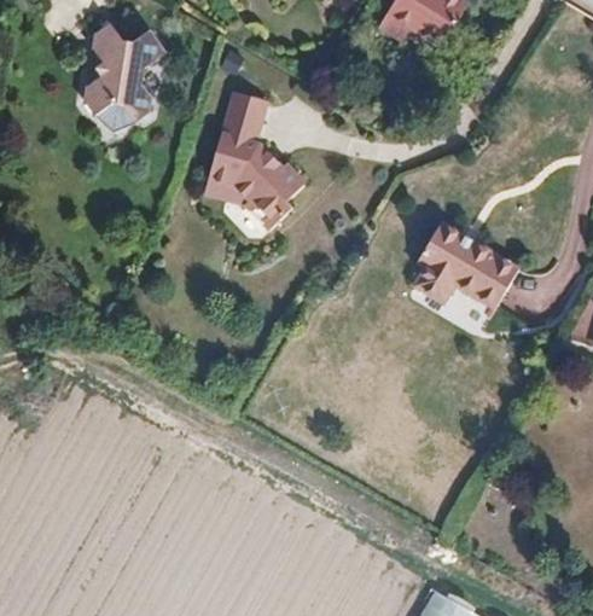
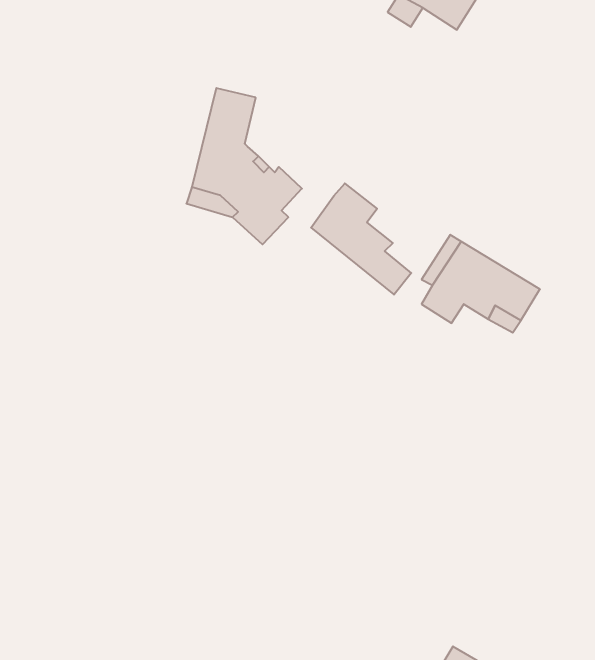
building: [83,25,165,132] -> none
building: none -> [311,183,411,295]

